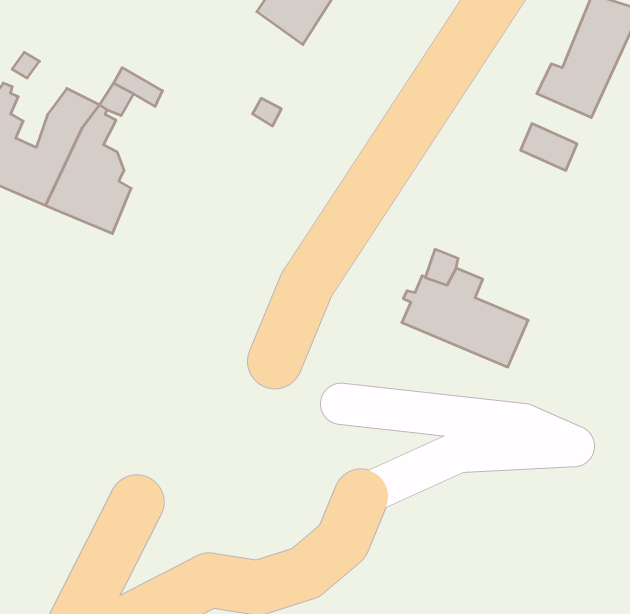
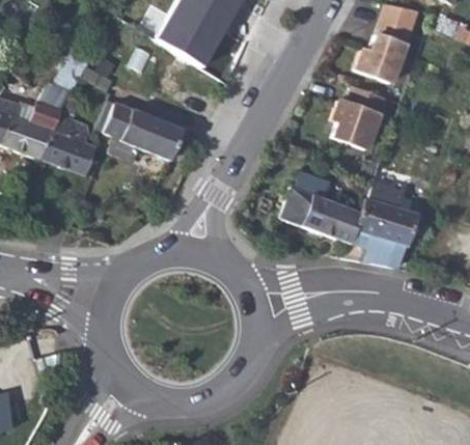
building: none -> [104,104,182,160]
building: none -> [331,101,379,150]
building: none -> [342,186,416,269]

